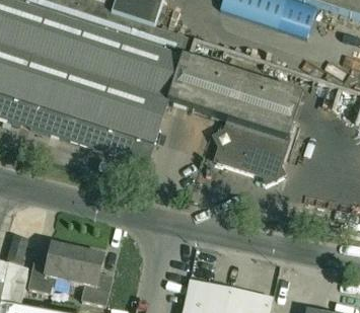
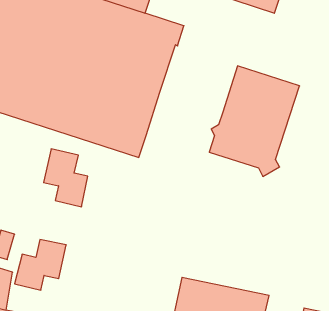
building: [167,56,242,121] -> none
building: [70,248,113,304] -> [44,149,88,207]

